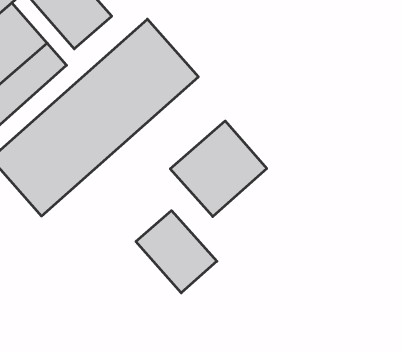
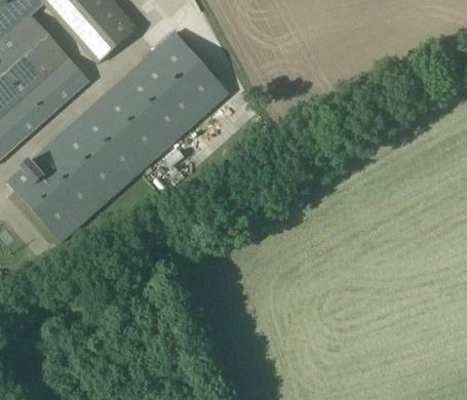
building: [170,121,267,217] -> none
building: [136,211,217,293] -> none

